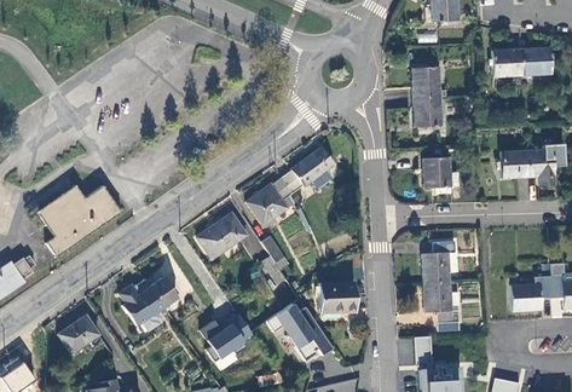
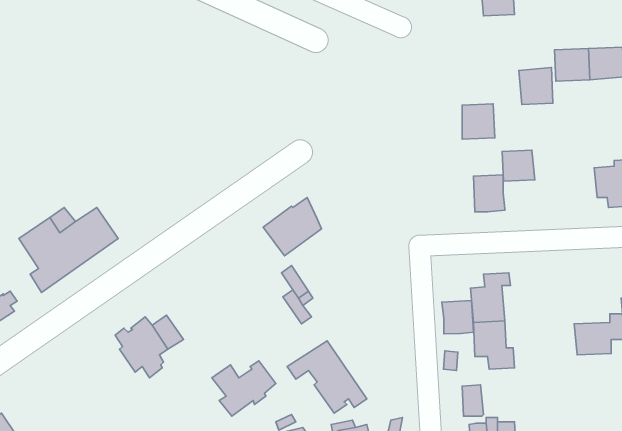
building: [412,67,441,98] -> [519,68,553,104]
building: [283,146,334,195] -> none
building: [502,151,530,178] -> [502,150,535,181]
building: [197,213,248,259] -> none
building: none -> [442,301,473,334]
building: [319,282,357,313] -> none
building: [58,316,99,353] -> none

